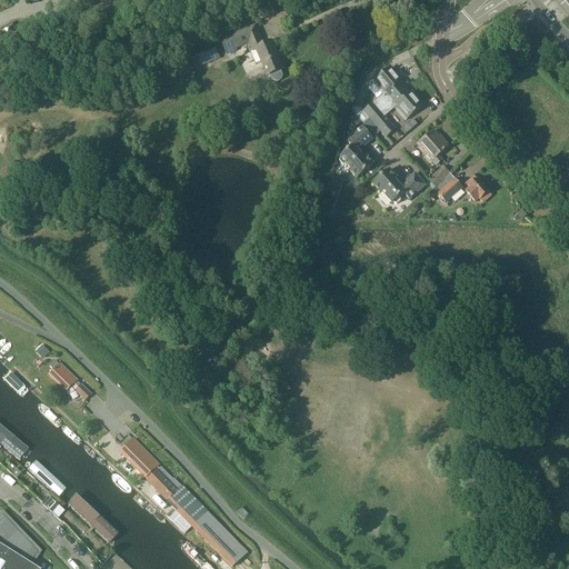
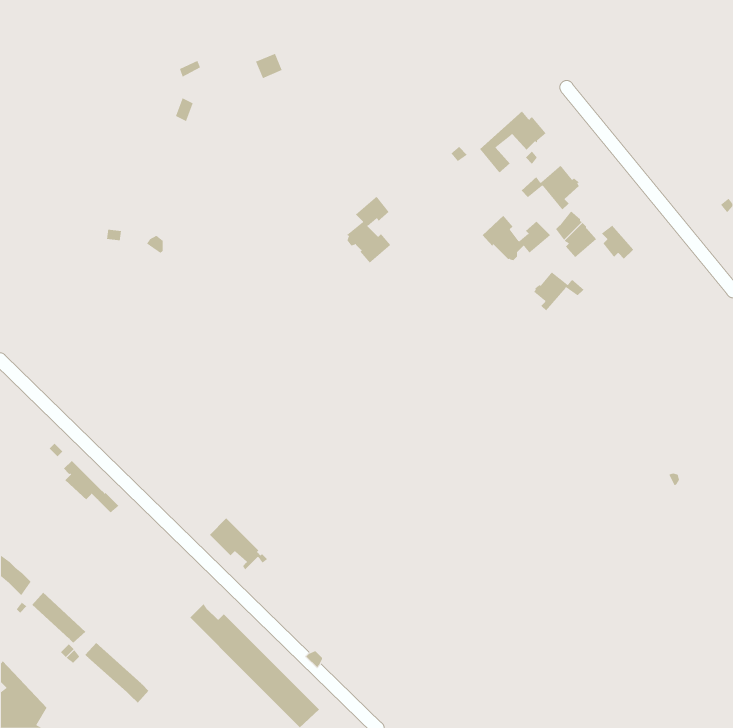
building: [222,23,282,79] -> none
building: [363,66,405,116] -> none
building: [340,124,375,177] -> [347,196,391,263]
building: none -> [533,272,584,311]
building: [120,437,166,478] -> [209,518,268,571]

